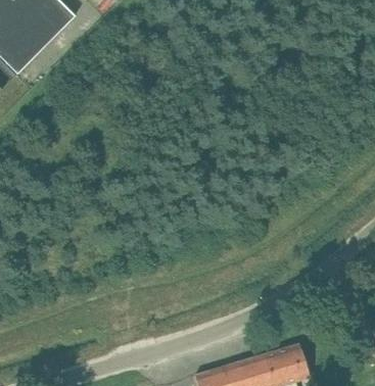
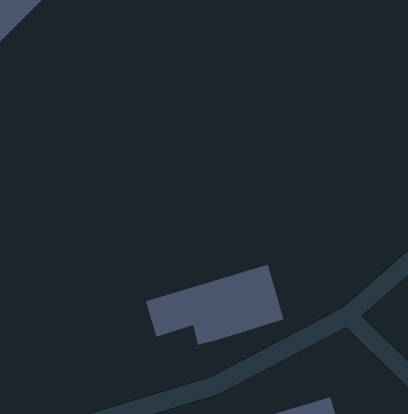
building: none -> [145,264,284,345]

